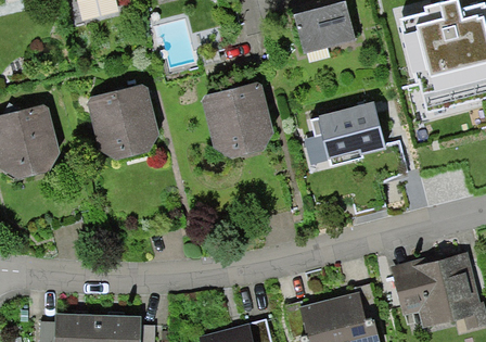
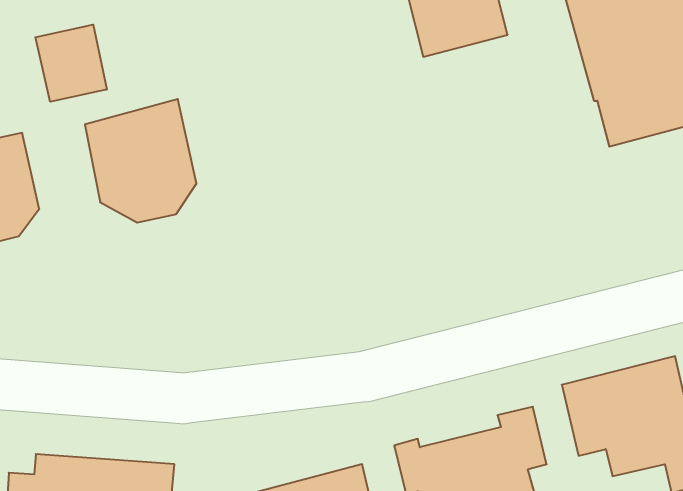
building: none -> [35,25,107,102]
building: [202,79,279,157] -> none
building: [309,99,387,165] -> none

